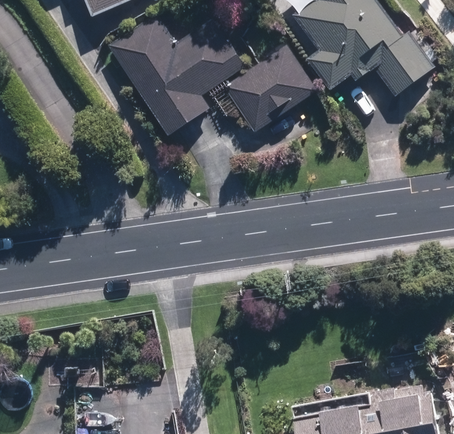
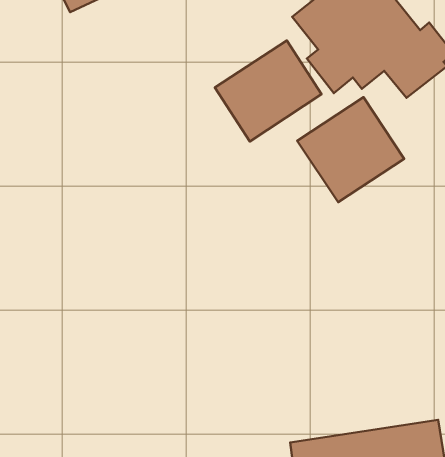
building: [104,12,243,138] -> none
building: none -> [297,97,404,202]

